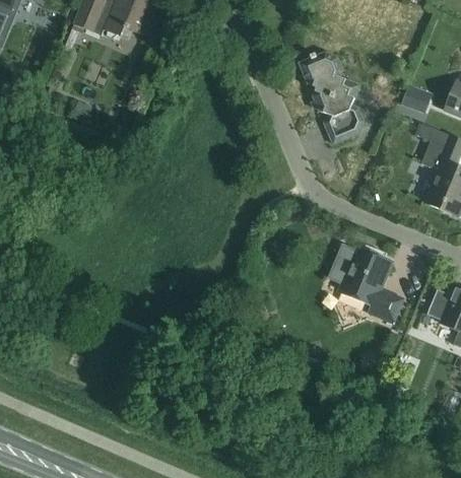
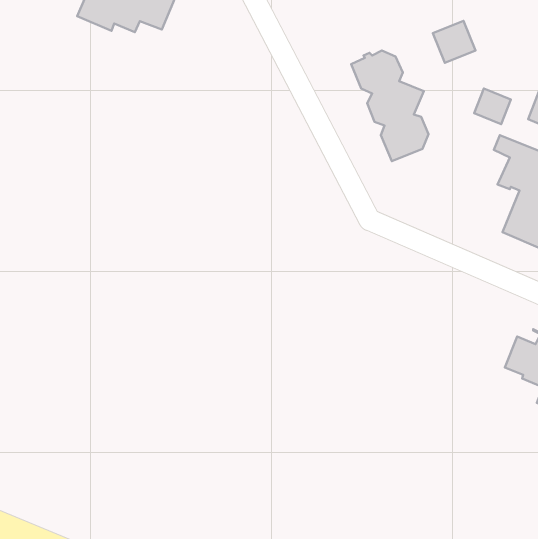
building: none -> [433,21,476,63]
building: [329,246,403,324] -> none

